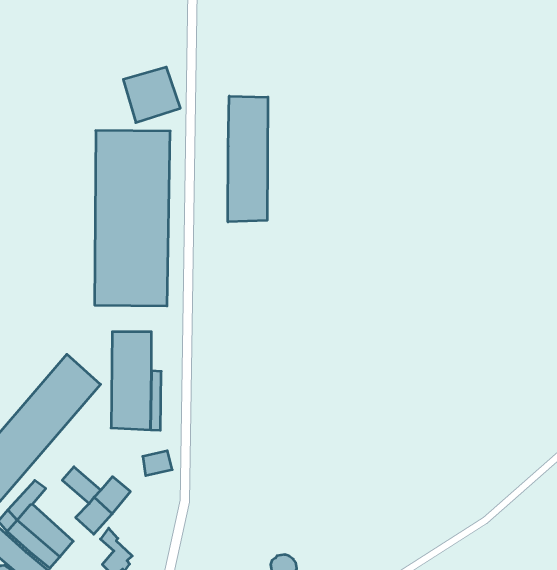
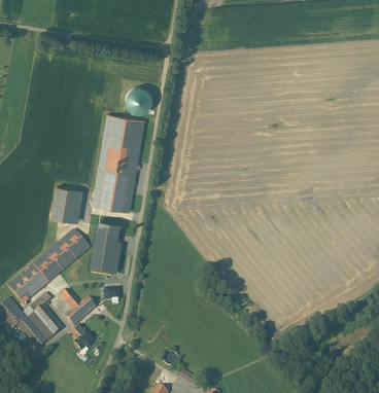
building: [228,96,268,222] -> none
building: none -> [50,186,83,222]

